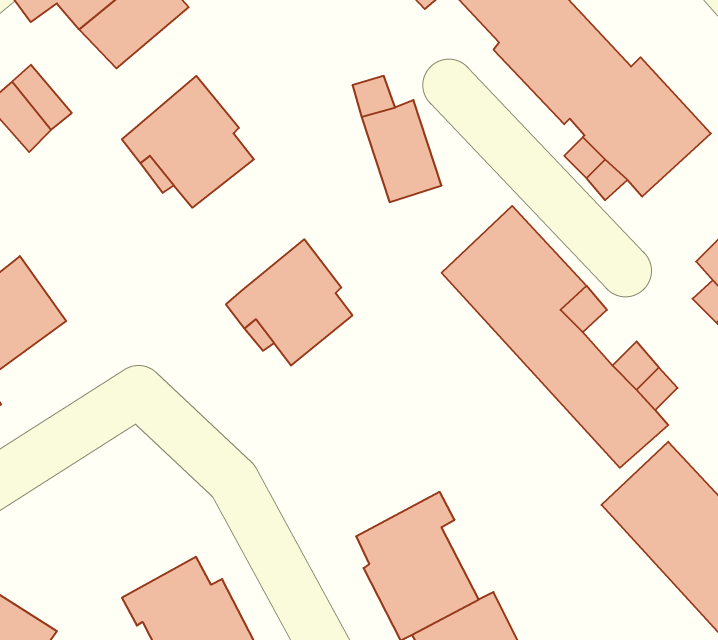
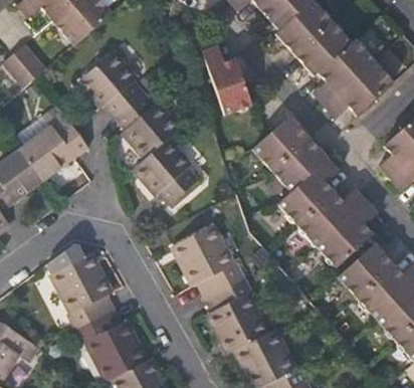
building: none -> [114,92,183,164]
building: none -> [20,103,88,180]
building: none -> [171,223,247,297]
building: none -> [50,252,116,330]

